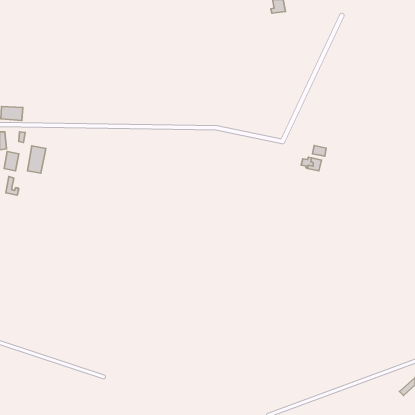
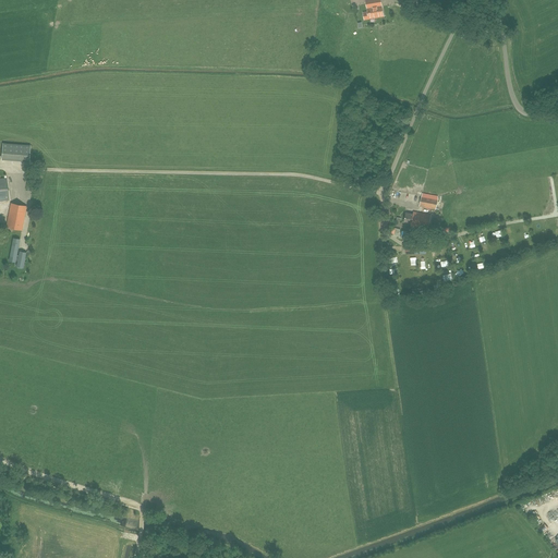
building: [28,146,46,173] -> none

